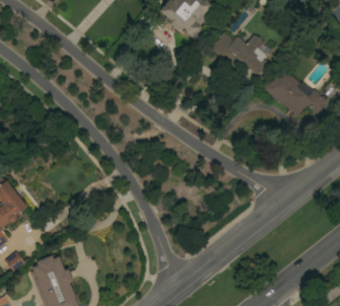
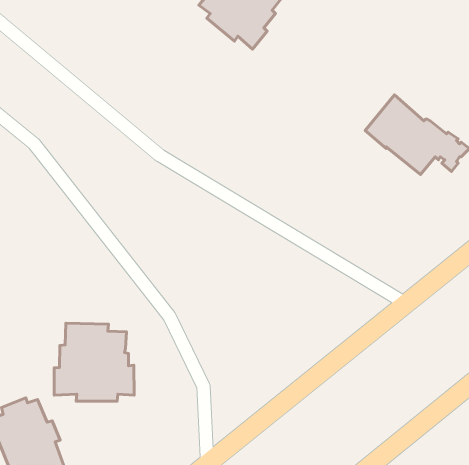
building: [210,32,268,75] -> none
building: none -> [54,323,134,401]

